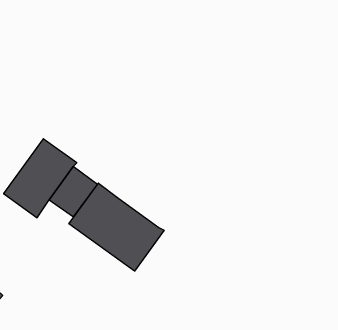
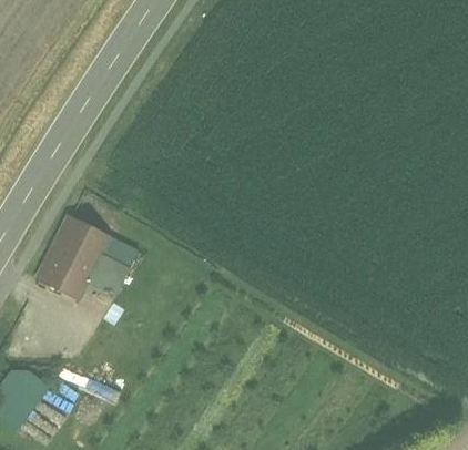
building: [69,183,164,271] -> none

